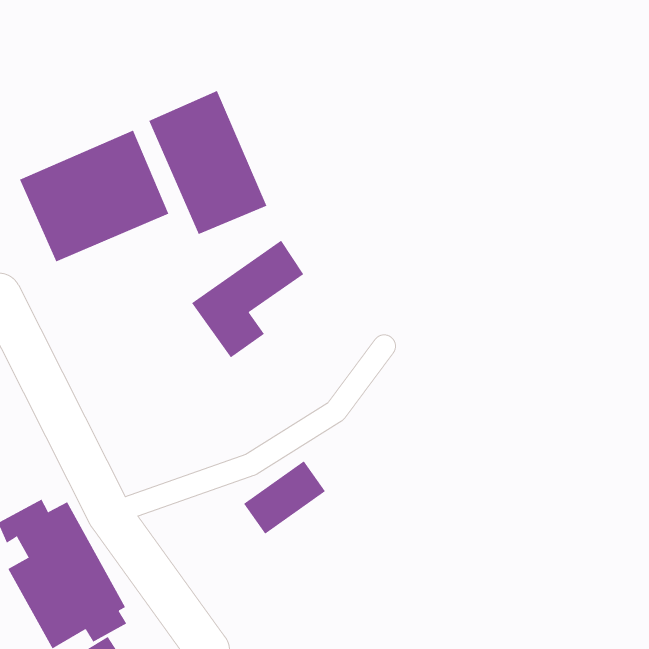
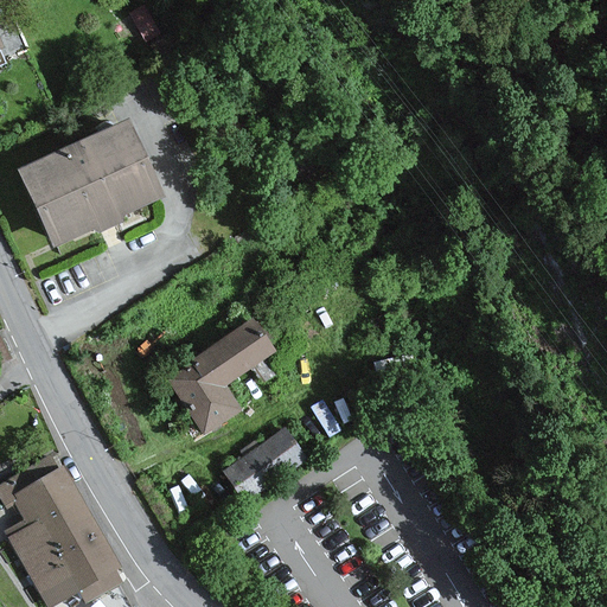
building: [149,90,267,235] -> none
building: [191,240,304,358] -> [170,320,275,430]

